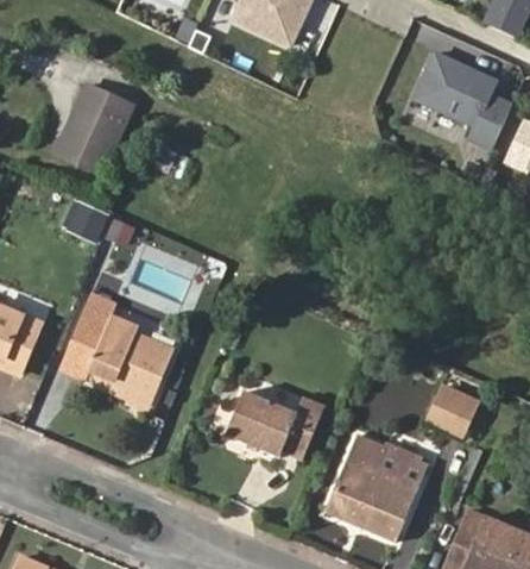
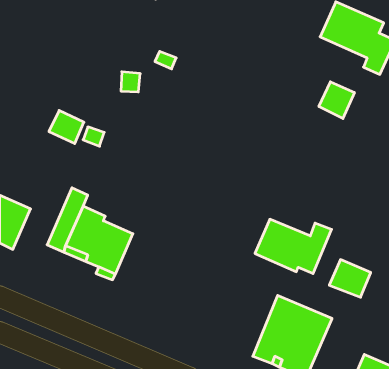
building: [59,83,131,171] -> none
building: none -> [319,82,354,119]
building: [226,393,324,463] -> [255,219,332,274]

